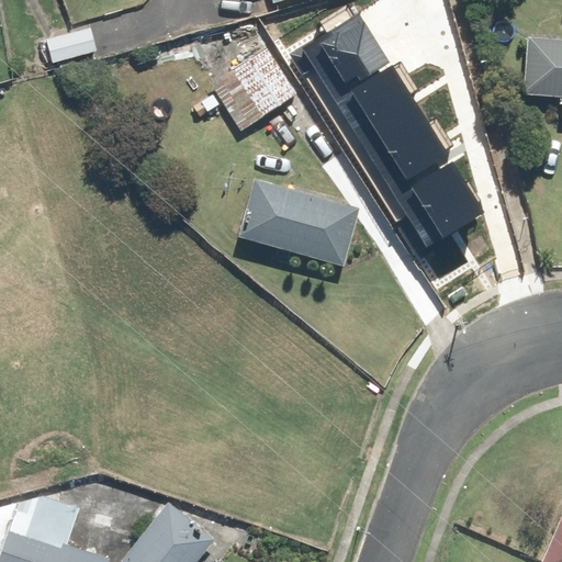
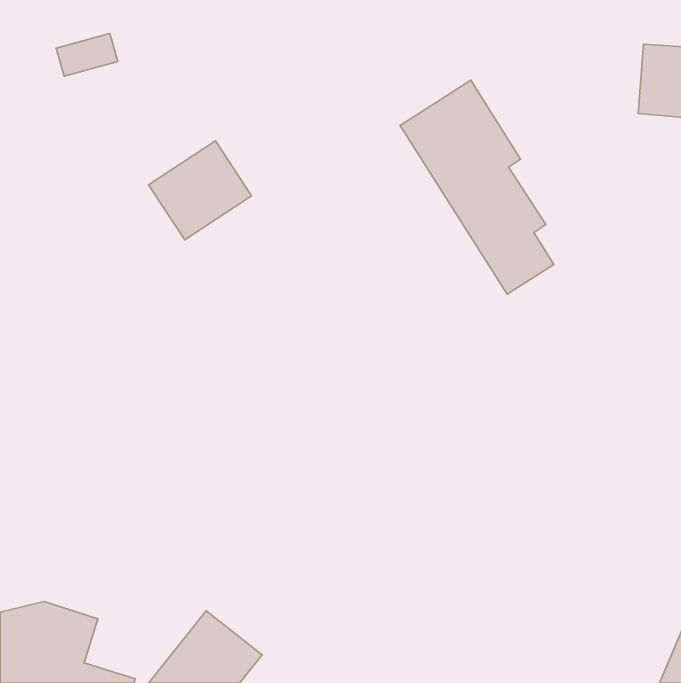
building: [294,15,367,91] -> none
building: [214,47,299,128] -> [149,141,252,240]
building: [241,179,362,266] -> none

